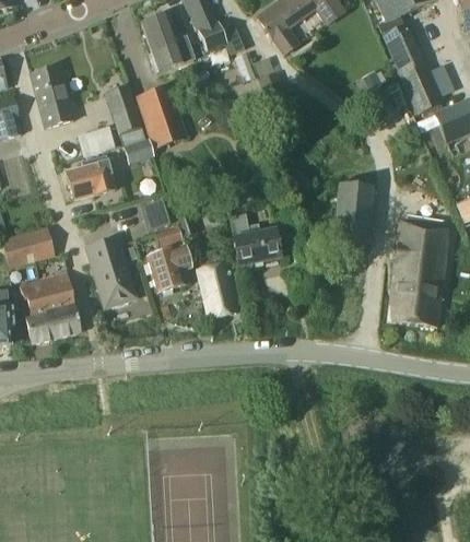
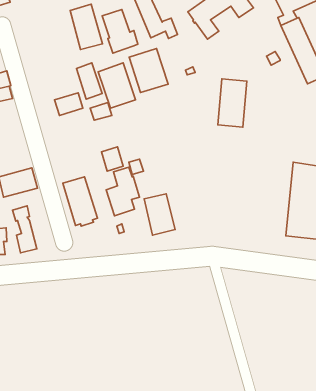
building: [30,66,73,127] -> [70,4,102,49]
building: none -> [129,48,168,92]
building: [66,155,115,200] -> none
building: [334,181,374,247] -> [218,79,247,127]
building: [230,214,281,267] -> none
building: [39,272,80,337] -> none

